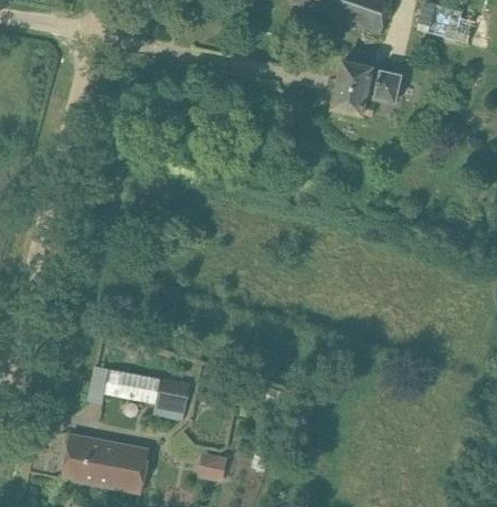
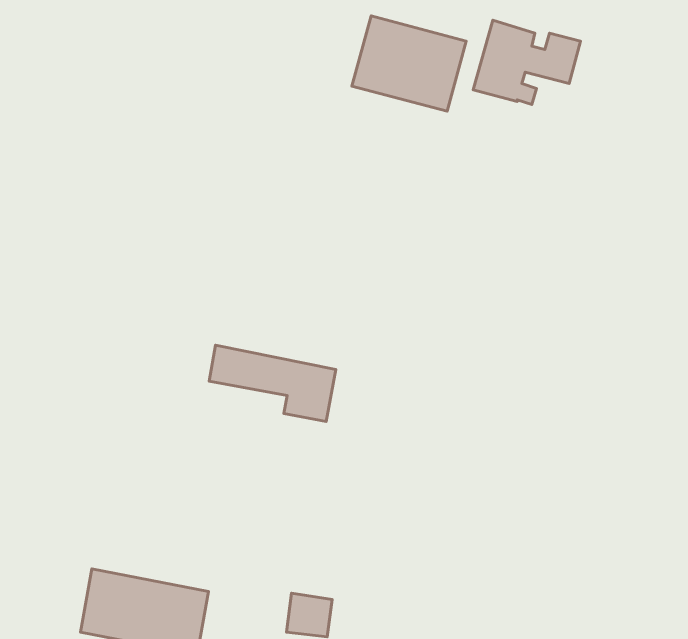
building: none -> [352,16,466,111]
building: [102,368,188,420] -> [209,345,336,422]

